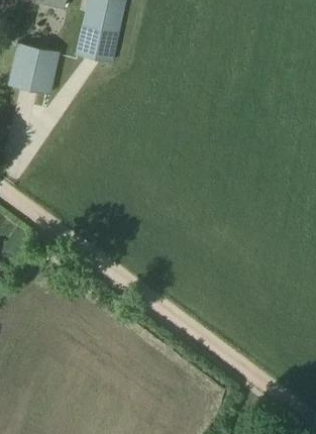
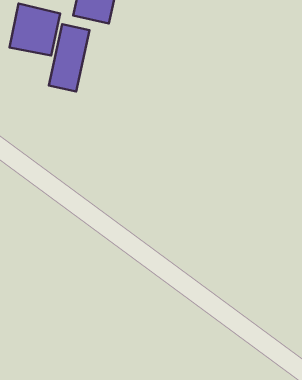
building: none -> [49,24,90,91]

